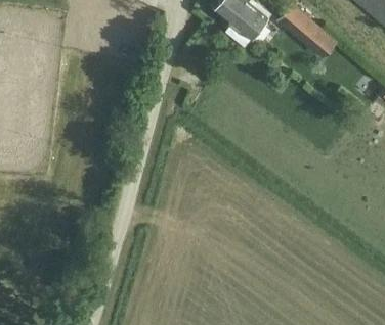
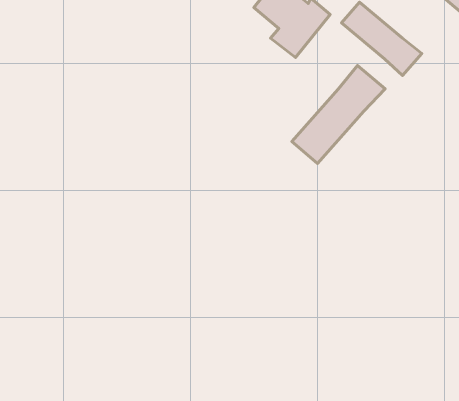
building: none -> [292,65,385,163]

